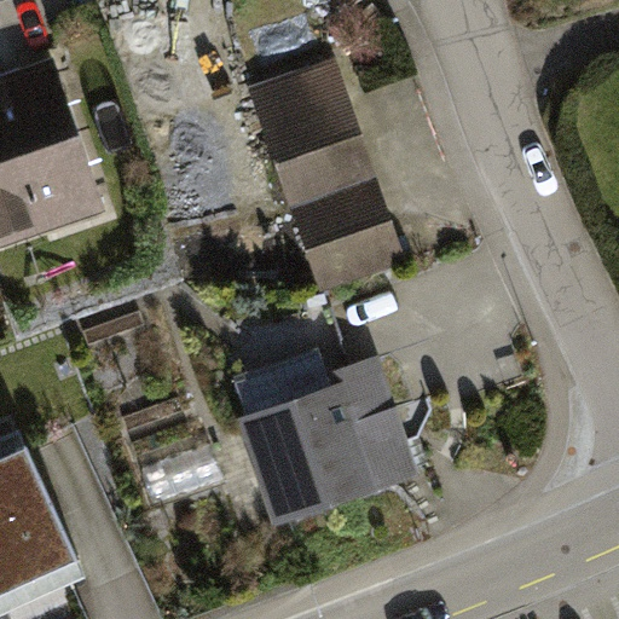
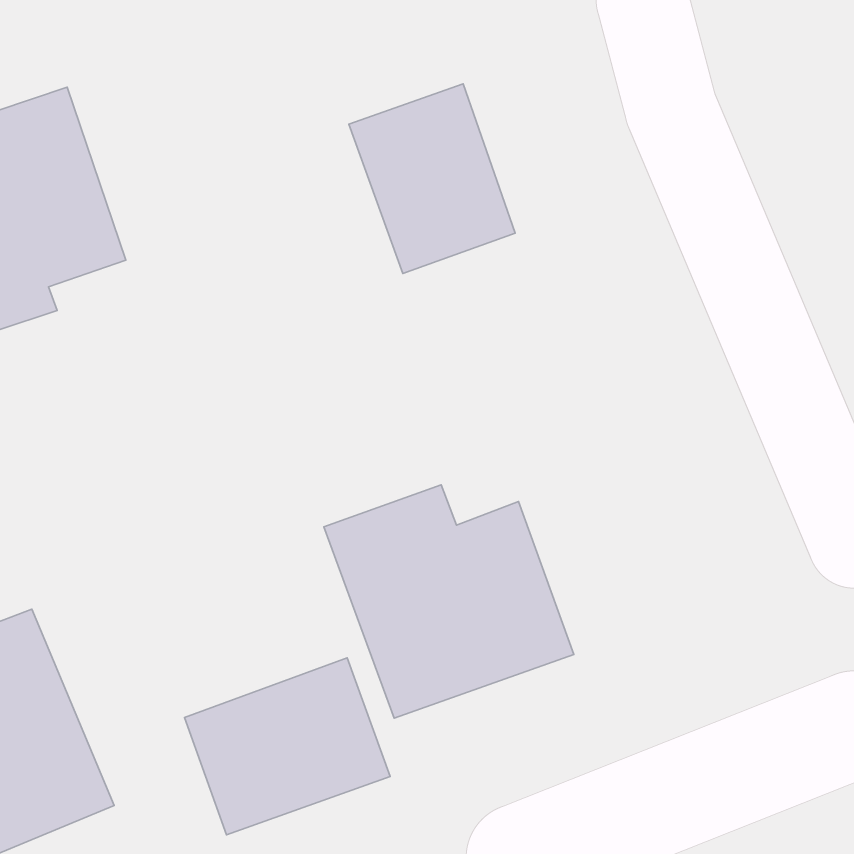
building: [294,184,403,291] -> none
building: none -> [184,658,390,835]

